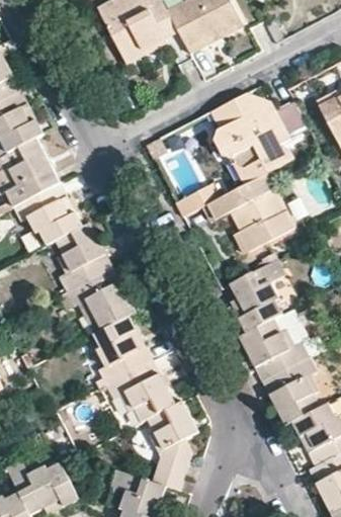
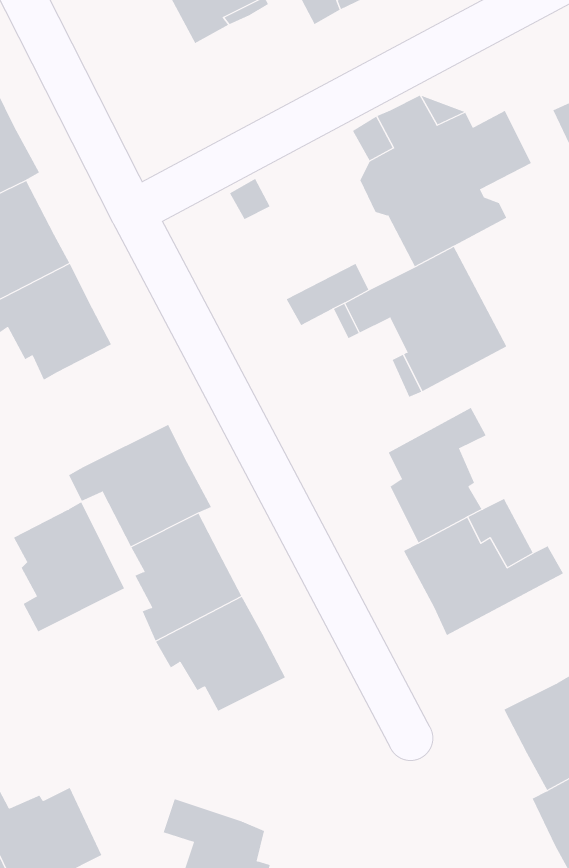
building: [53,222,112,291] -> [13,502,125,632]
building: [261,356,320,425] -> none
building: [145,401,197,490] -> none

